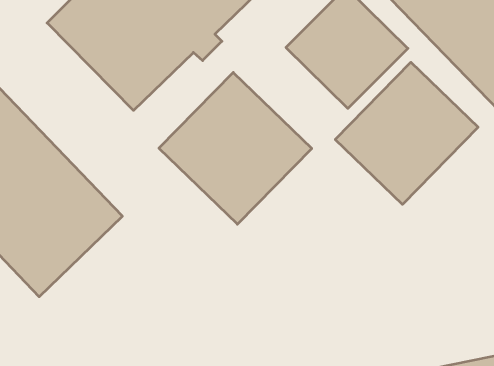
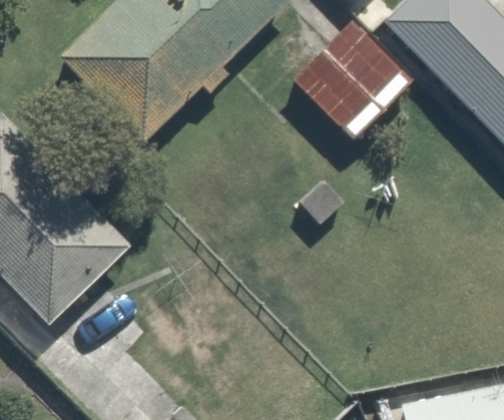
building: [335,62,478,204] -> none
building: [159,72,312,224] -> none

